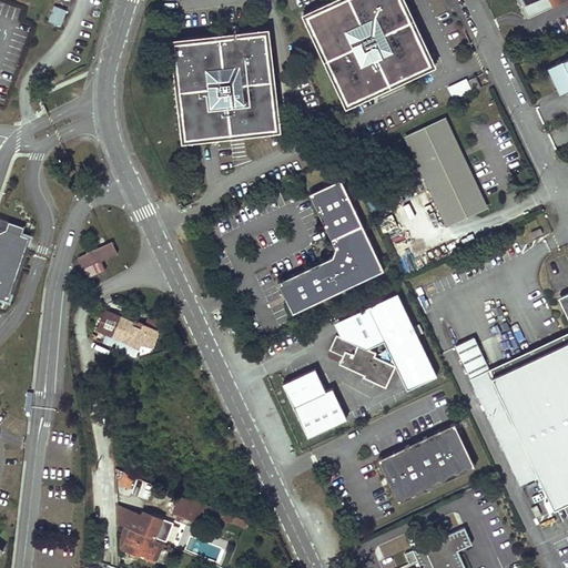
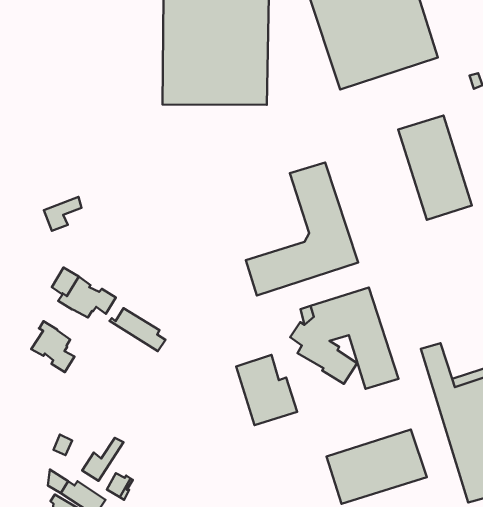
building: none -> [109,308,165,351]
building: none -> [31,321,75,372]
building: none -> [82,438,124,481]

